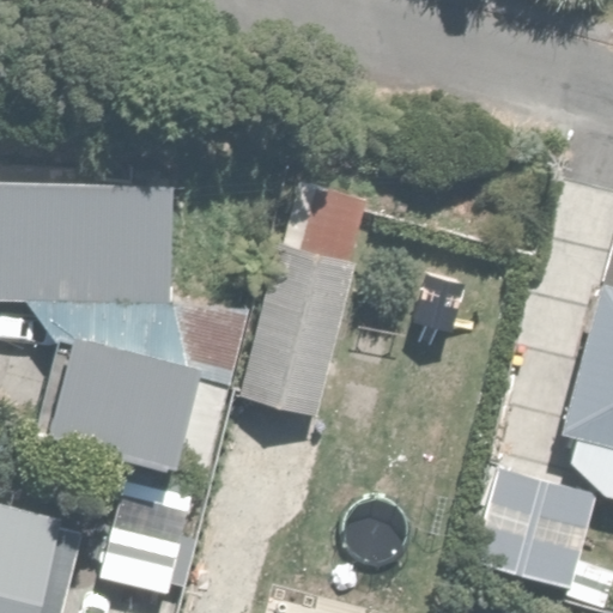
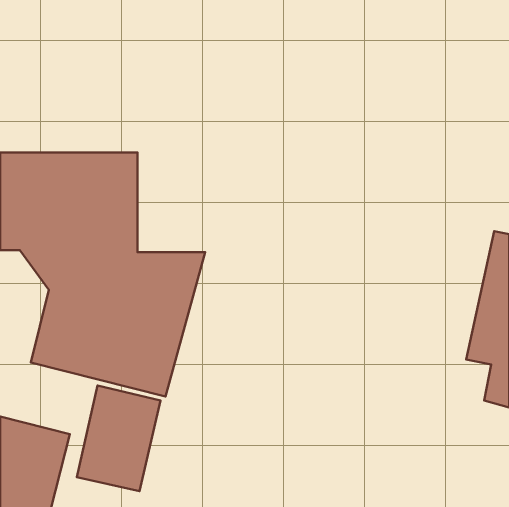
building: [238,183,362,414] -> none
building: [466,469,596,593] -> none

